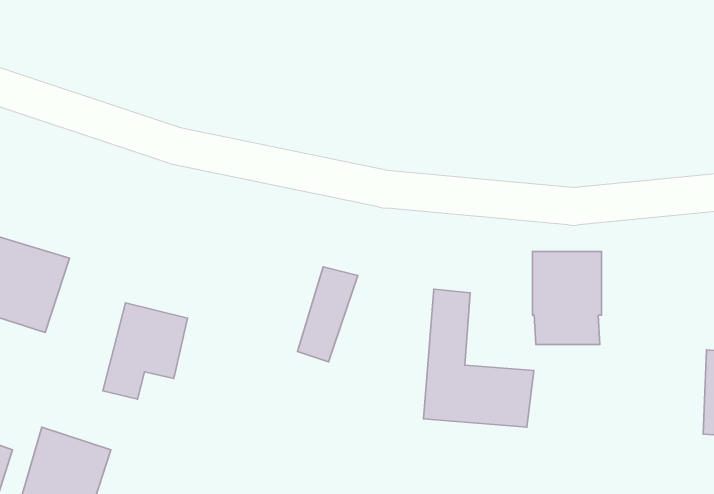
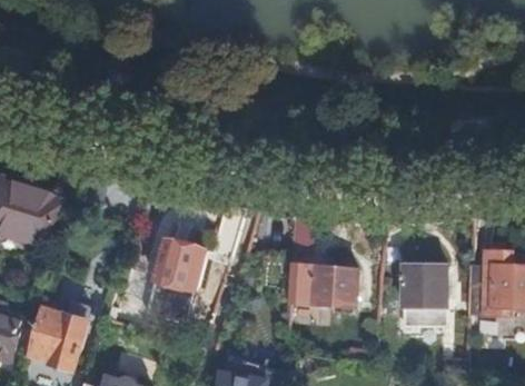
building: [533,251,602,345] -> [404,266,448,326]
building: [103,303,188,399] -> [150,240,205,303]

